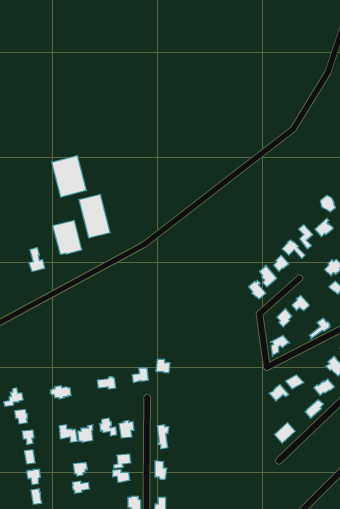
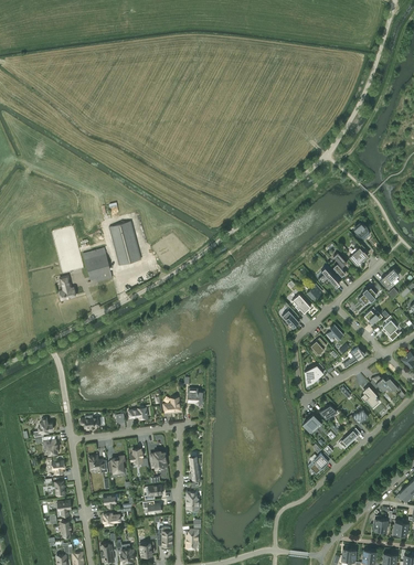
building: [52,155,86,197] -> none

